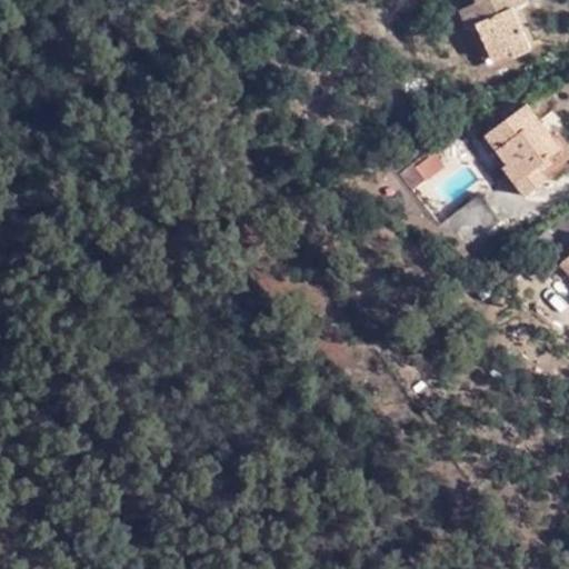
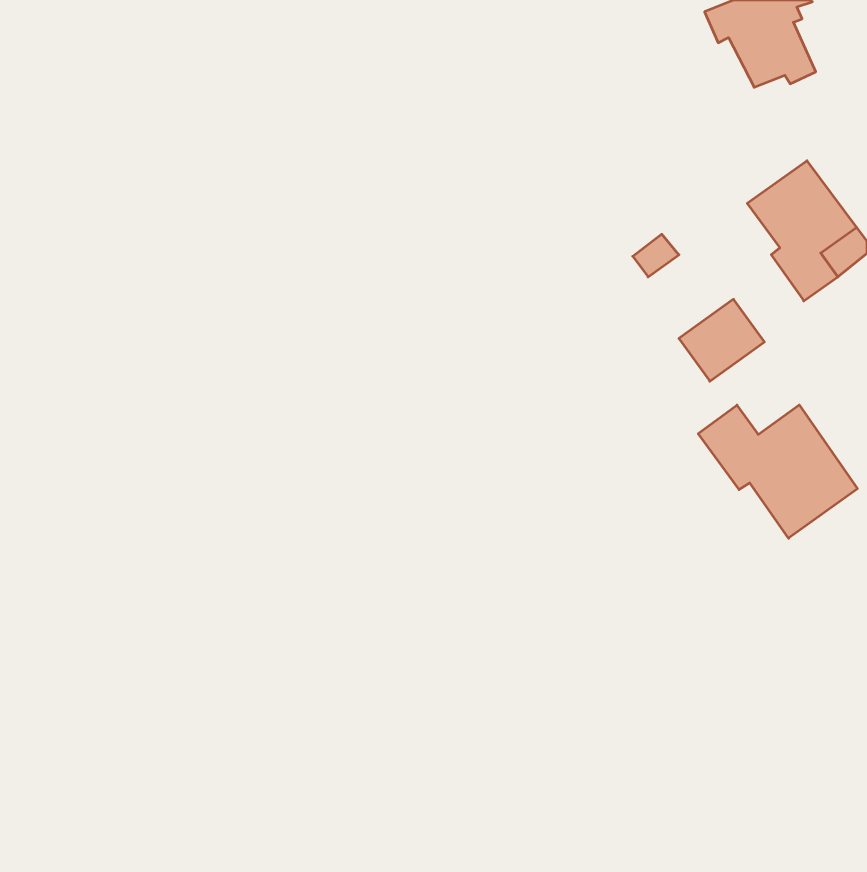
building: none -> [698,405,857,538]

